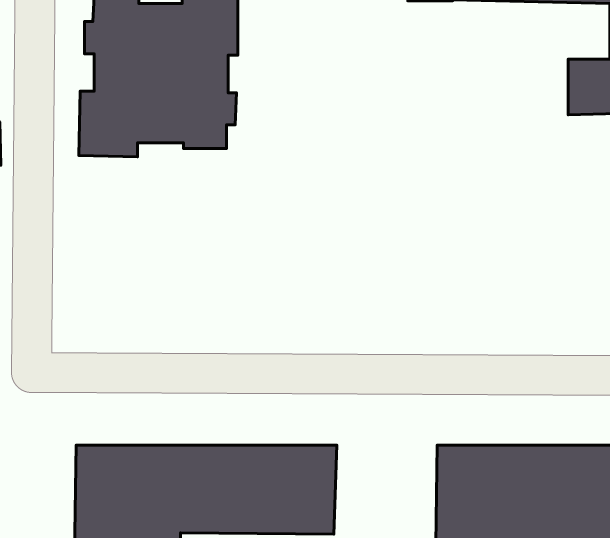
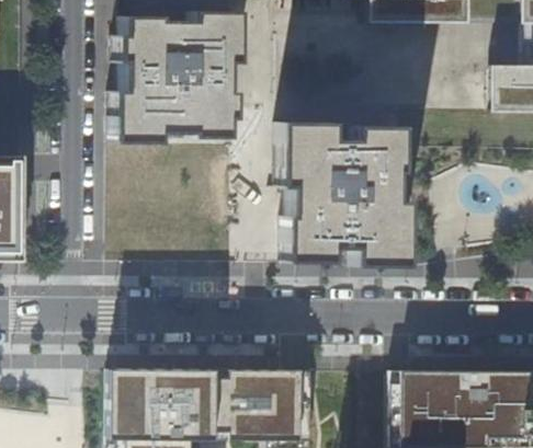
building: none -> [275,118,400,261]

